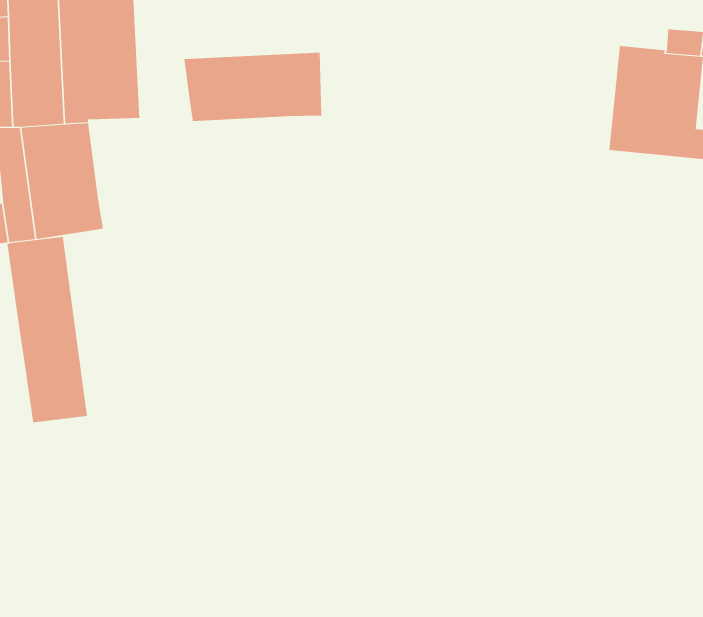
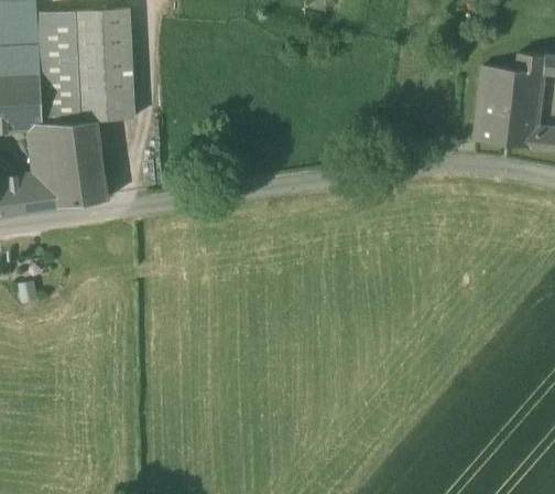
building: [184,52,322,122] -> none
building: [7,236,88,423] -> none

